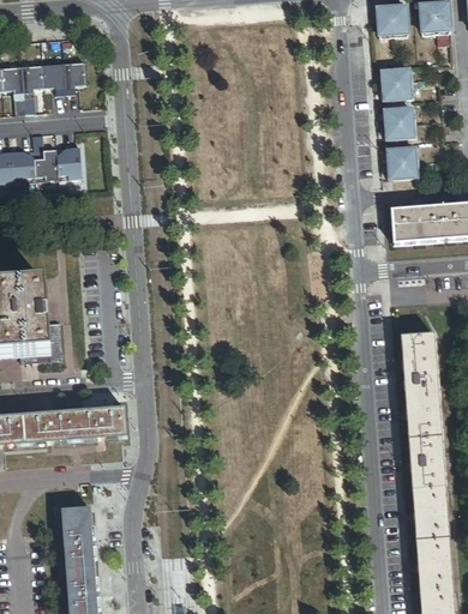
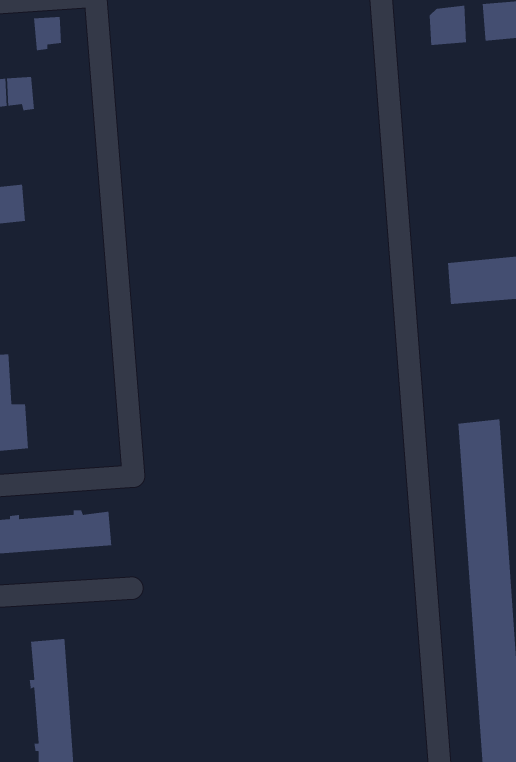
building: [64,61,86,89] -> [33,16,62,51]
building: [383,70,412,100] -> none
building: [385,108,414,139] -> none
building: [56,146,83,177] -> none
building: [389,148,418,179] -> none

